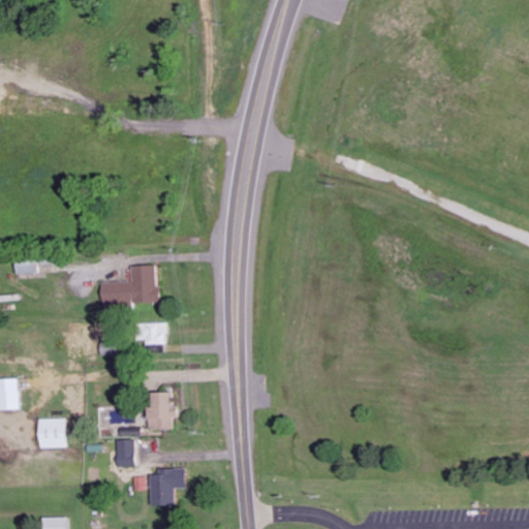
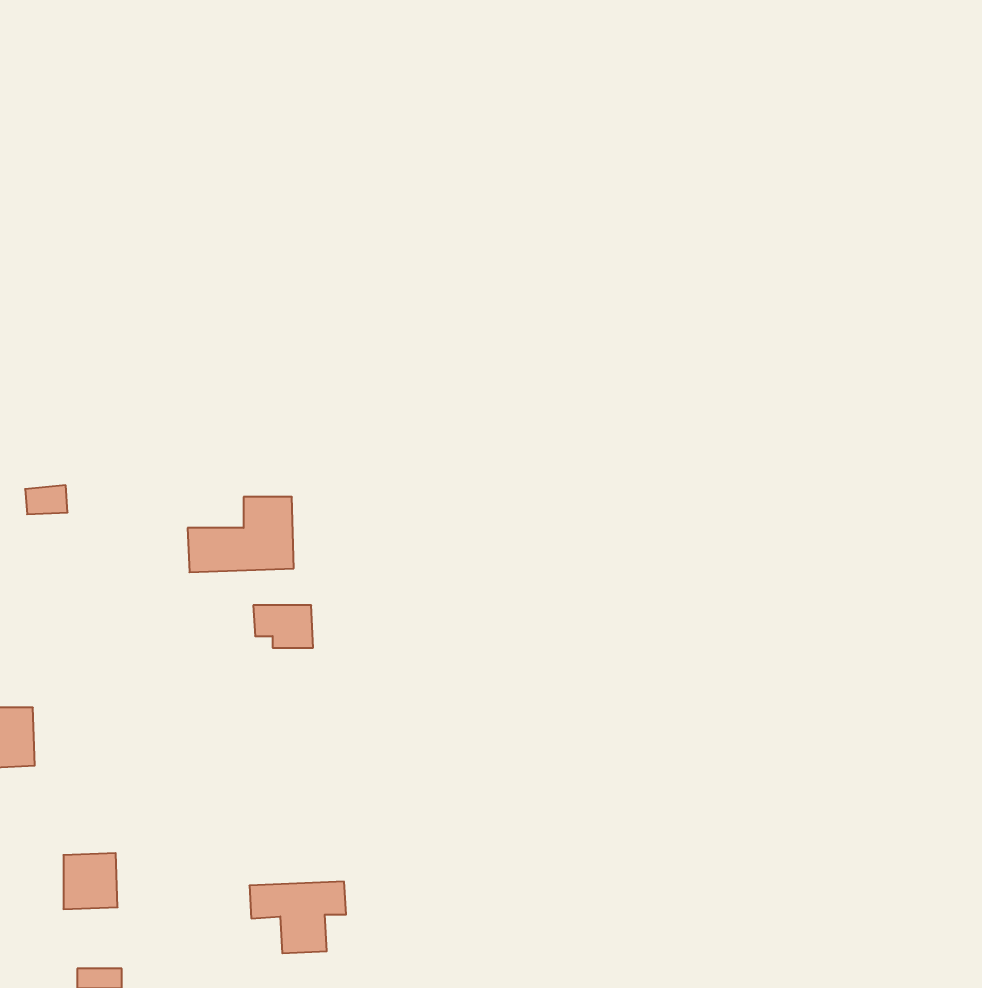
building: [146,392,176,430] -> none
building: [37,418,66,448] -> [63,853,118,909]
building: [116,440,134,467] -> none

